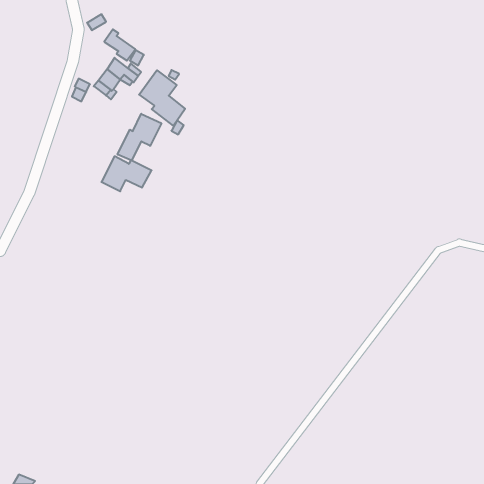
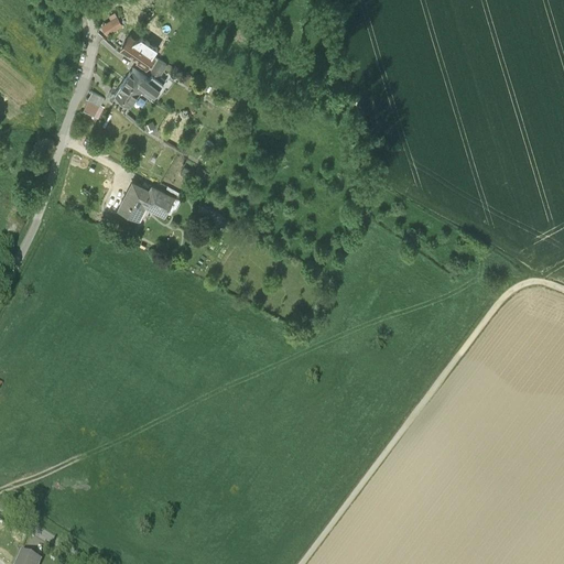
building: [139,70,185,126] -> none
building: [118,114,161,160] -> none

